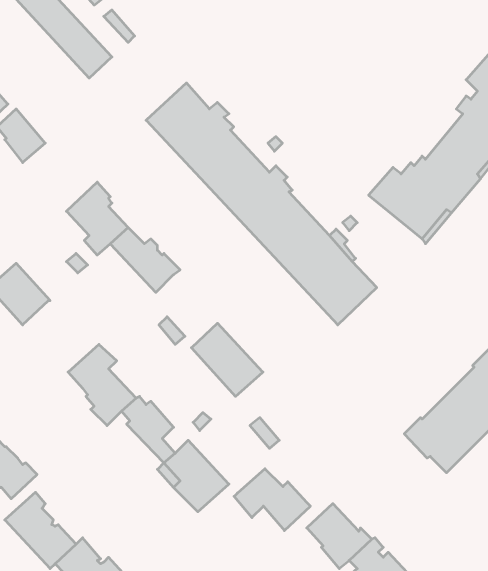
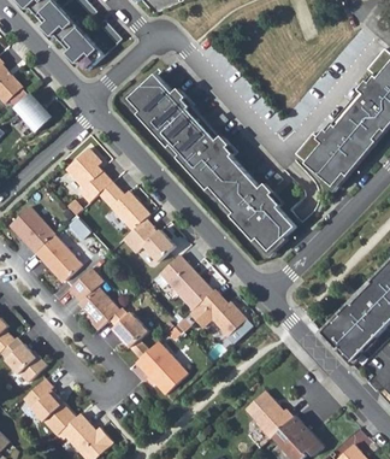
building: none -> [123,214,175,258]
building: none -> [34,234,81,279]
building: [234,469,310,531] -> [189,287,246,333]

